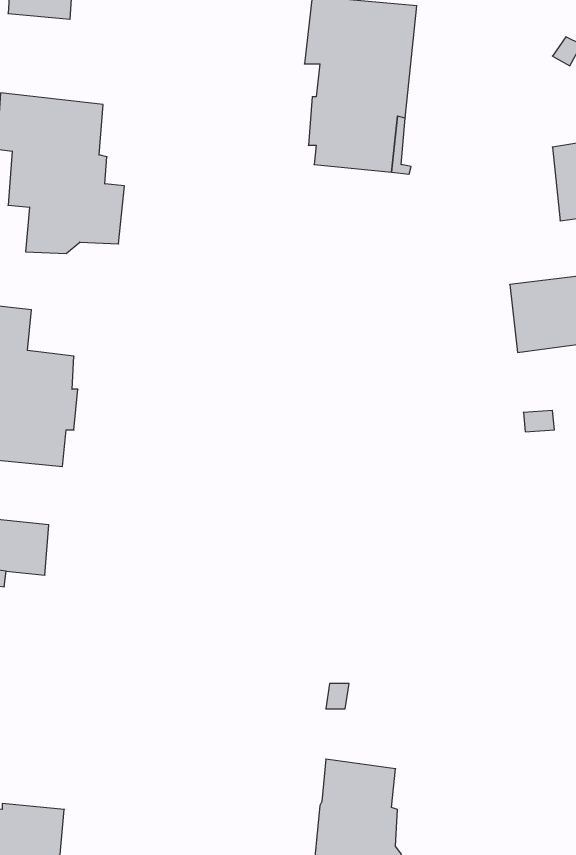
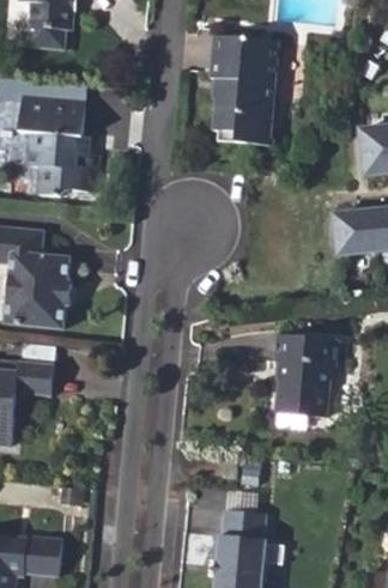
building: none -> [274,332,337,413]

